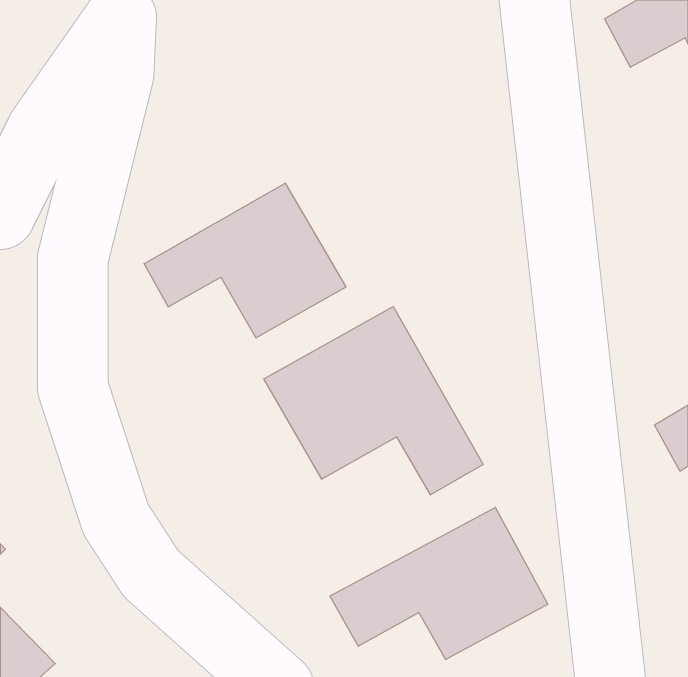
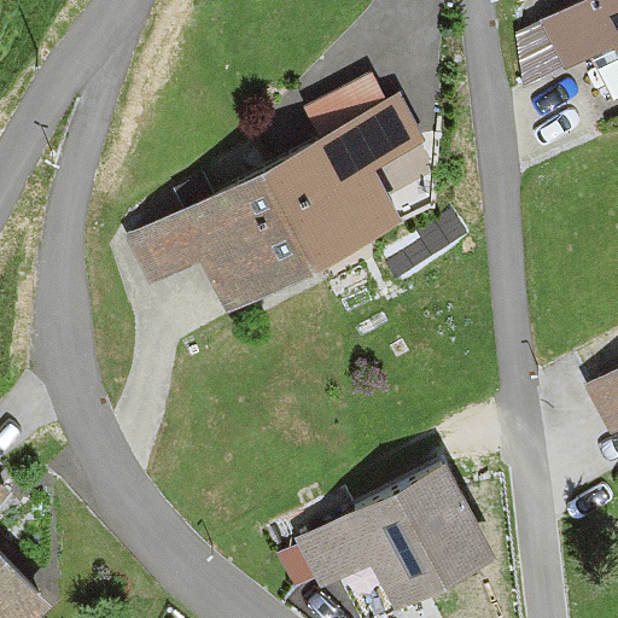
building: none -> [256,94,422,267]
building: [264,307,483,495] -> none

